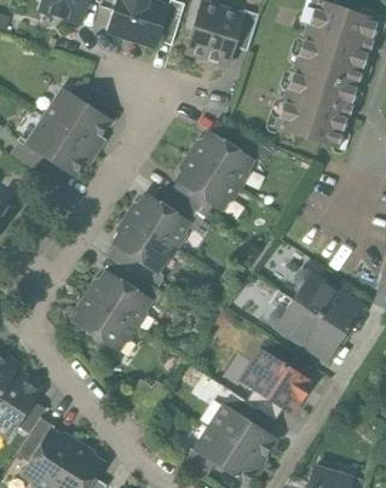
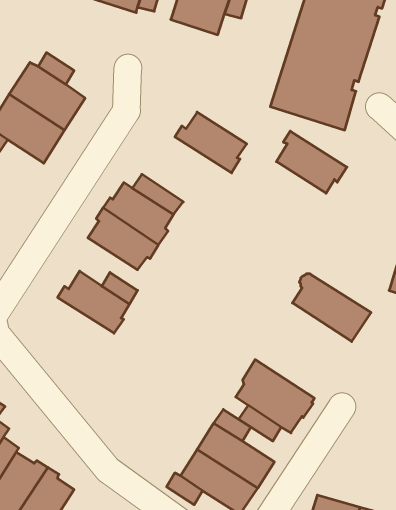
building: [178,155,240,209] -> [276,131,347,193]
building: [74,295,137,350] -> none
building: [275,300,345,359] -> none

